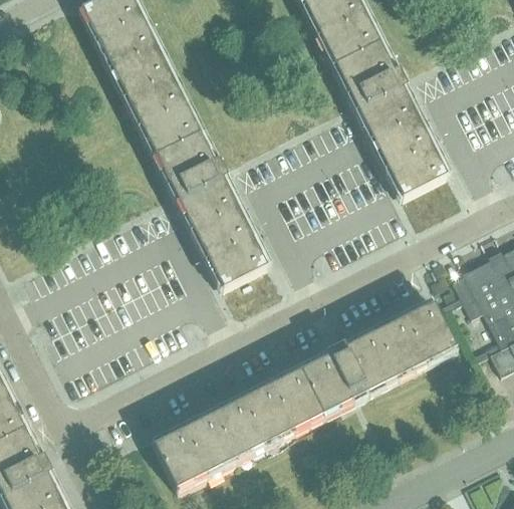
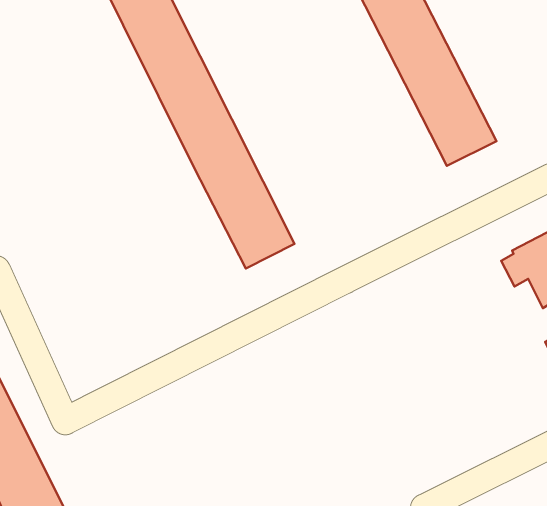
building: [156,300,457,486] -> none

